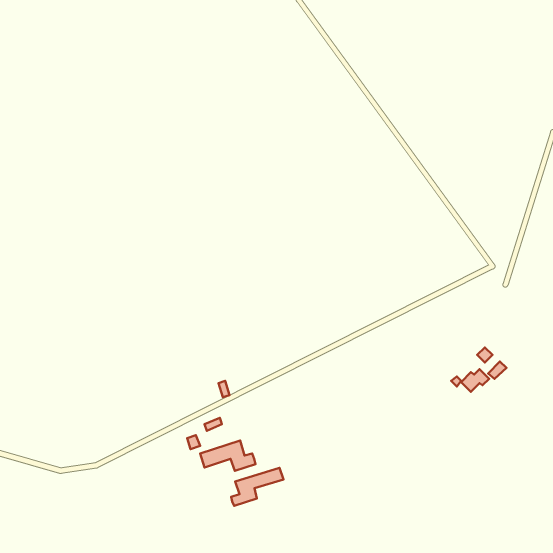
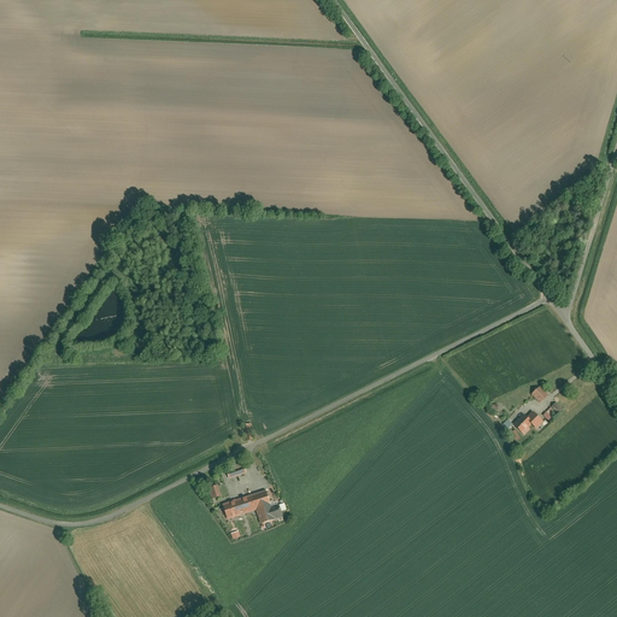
building: [231,468,283,506] -> none

